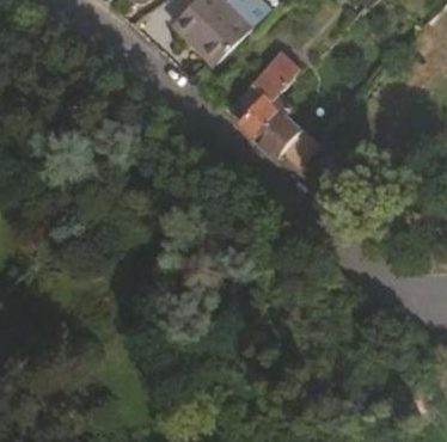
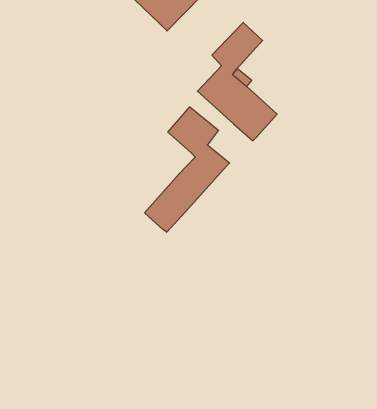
building: none -> [145,107,230,232]

